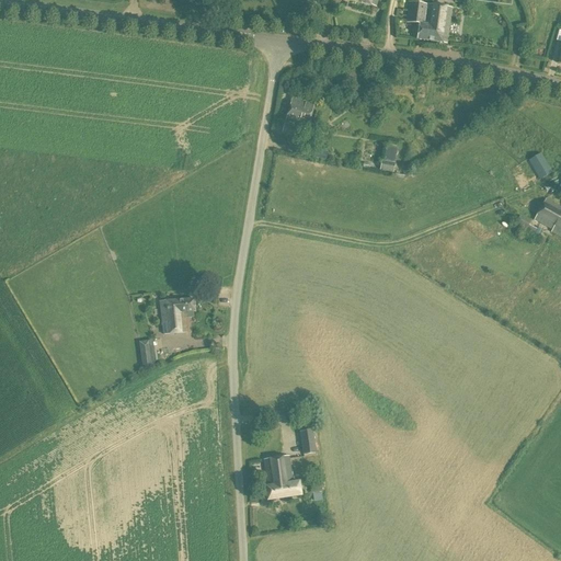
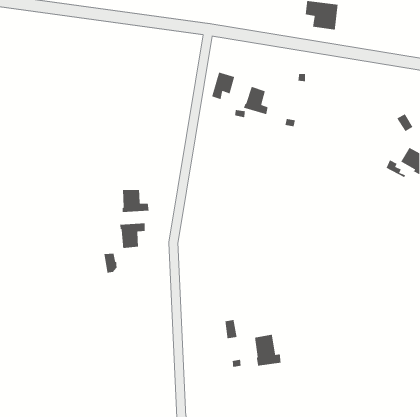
building: none -> [243,86,269,115]
building: none -> [122,189,150,213]
building: [264,454,300,497] -> [254,334,281,367]

